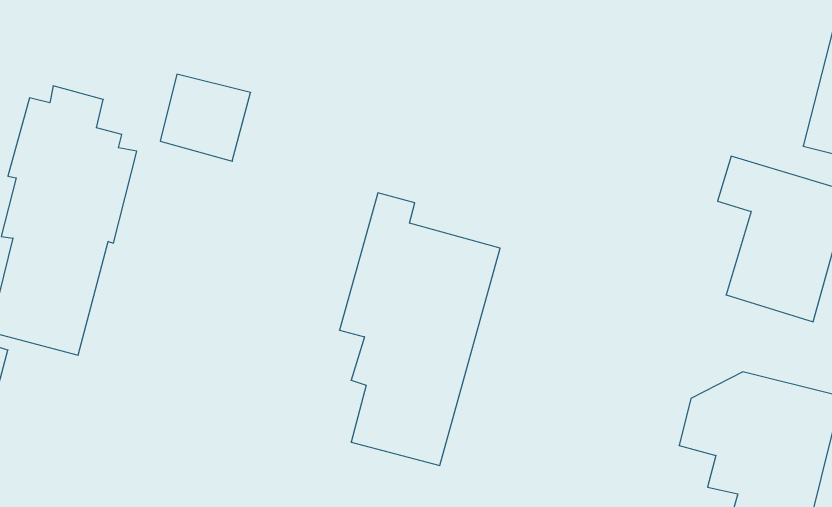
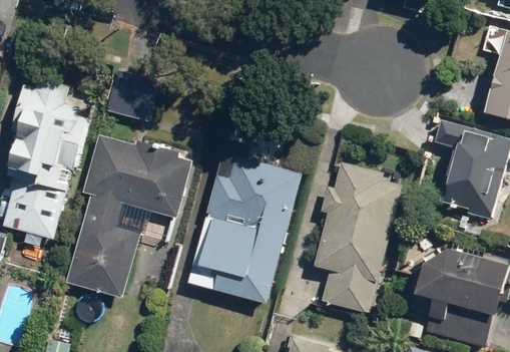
building: none -> [62,132,194,296]
building: none -> [315,161,402,314]

